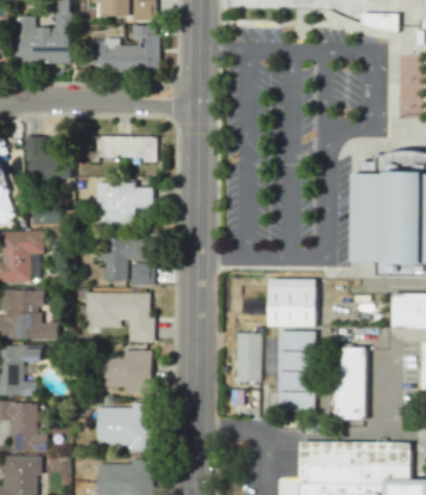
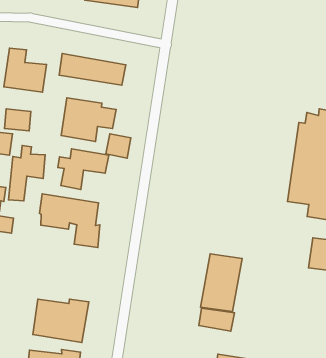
building: none -> [8,145,45,201]
building: [130,261,156,285] -> [106,134,131,158]
building: [269,277,318,325] -> none
building: [237,332,261,379] -> none
building: [334,347,366,420] -> none
building: [102,349,152,392] -> none

